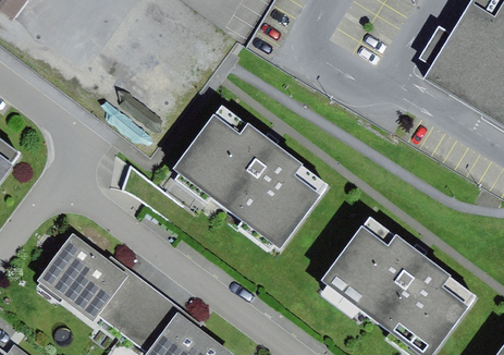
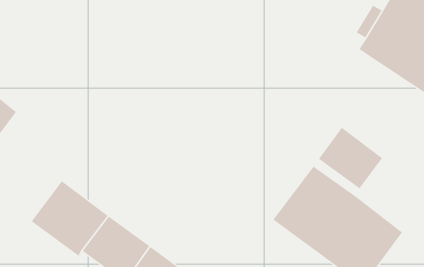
building: [173,103,328,246] -> none
building: none -> [318,127,383,189]

